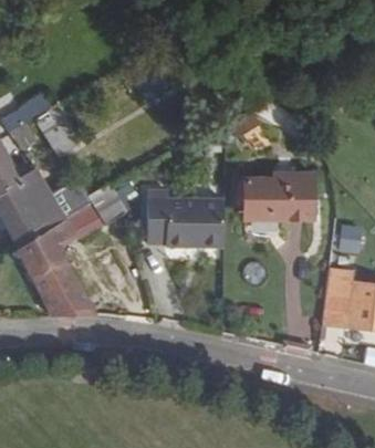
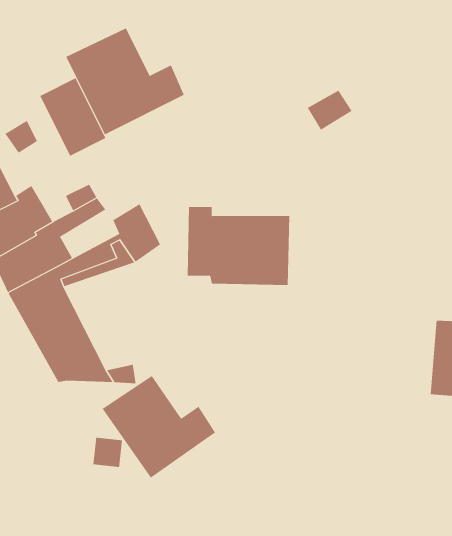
building: none -> [65,27,185,135]
building: [239,175,308,223] -> none
building: none -> [102,375,216,479]

